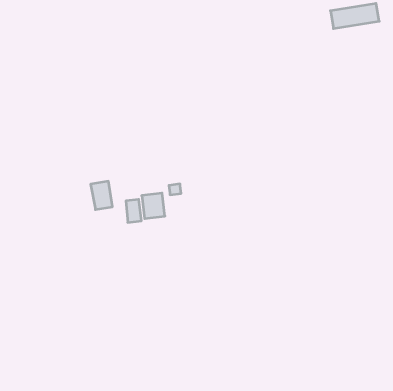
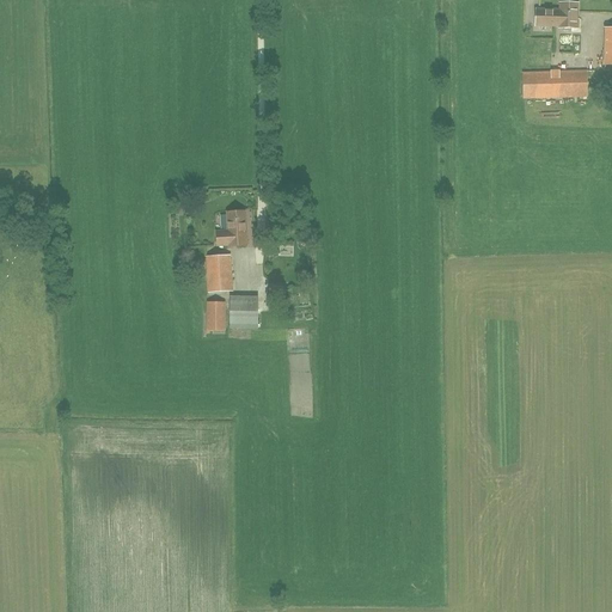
building: none -> [216,209,247,245]
building: [91,181,112,210] -> [206,253,232,290]

